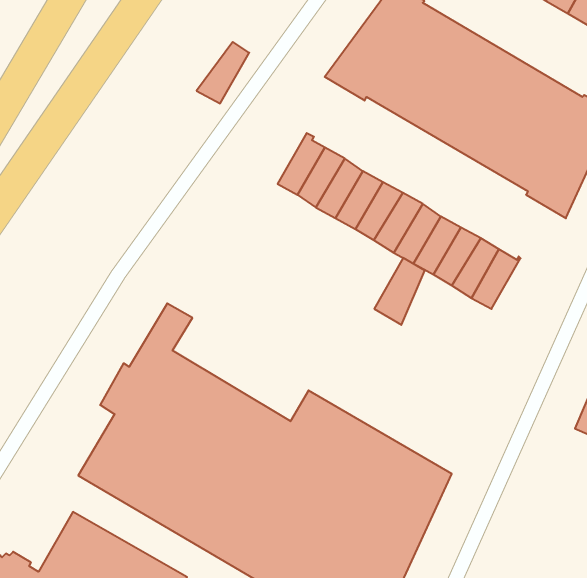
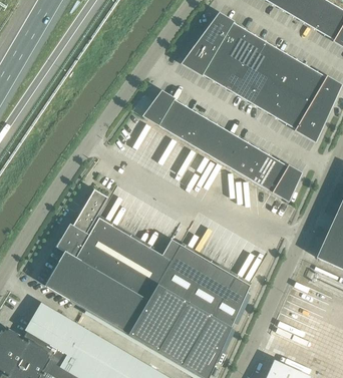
building: [197,42,249,103] -> [142,90,172,124]
building: [374,258,425,325] -> [274,165,302,203]

